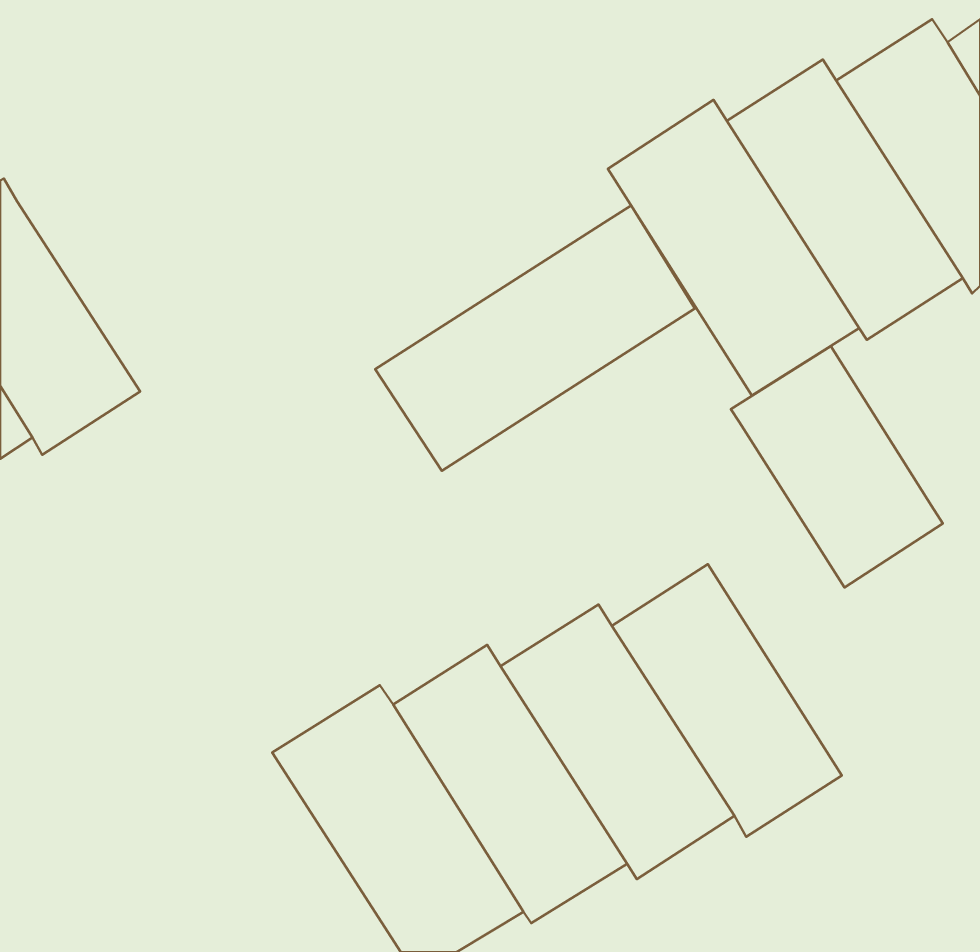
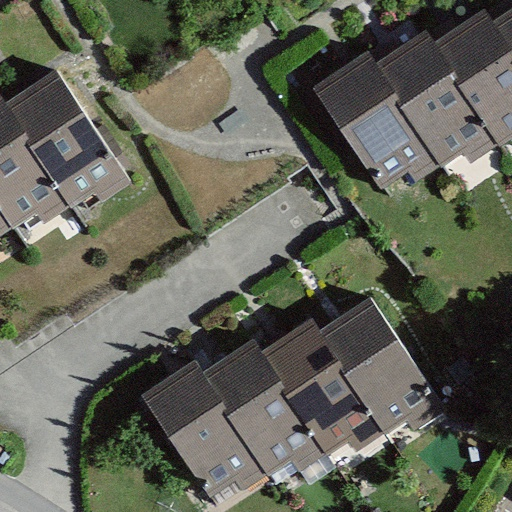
building: none -> [9,73,129,215]
building: [375,205,695,471] -> none
building: [731,346,943,587] -> none

